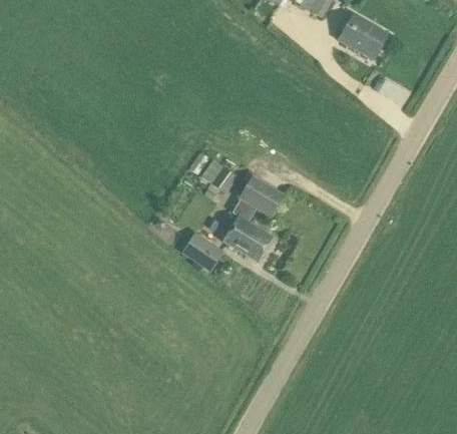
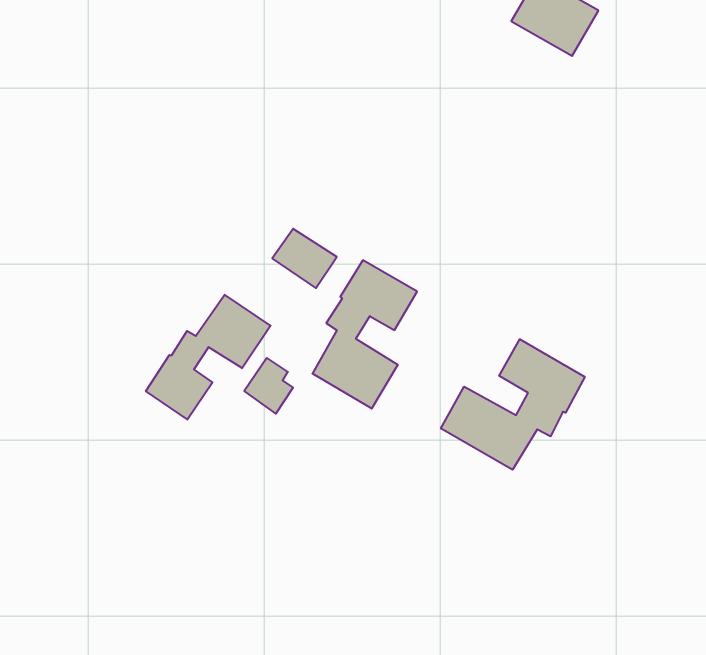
building: none -> [146,295,271,420]
building: none -> [441,339,585,470]

